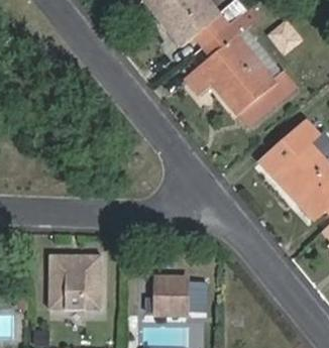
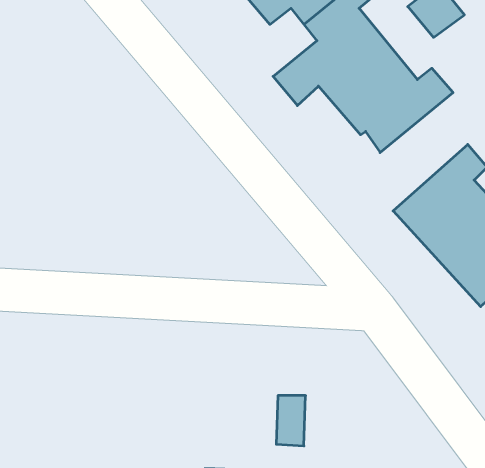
building: [46,255,99,310] -> none
building: [154,275,187,315] -> none

